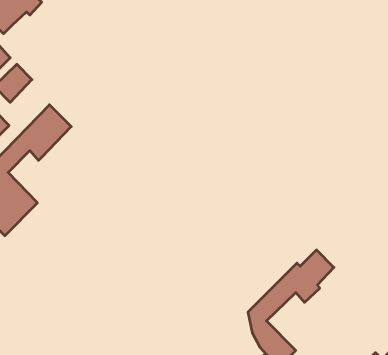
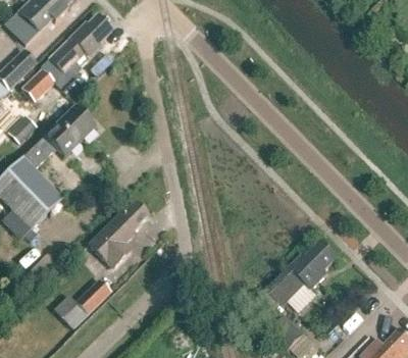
building: none -> [48,16,110,73]
building: none -> [88,203,147,268]
building: none -> [53,280,112,330]

